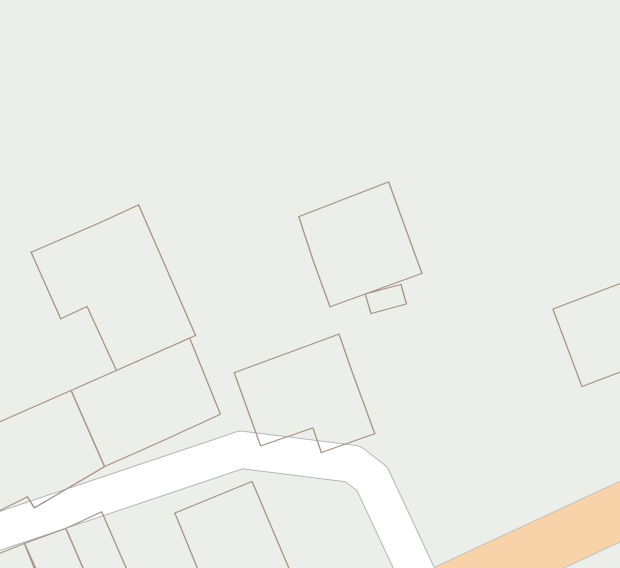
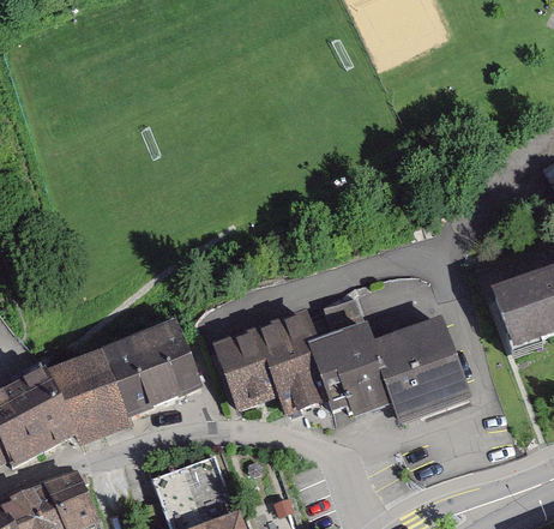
building: [299,182,422,307] -> none
building: [31,205,196,371] -> none
building: none -> [312,318,466,427]

